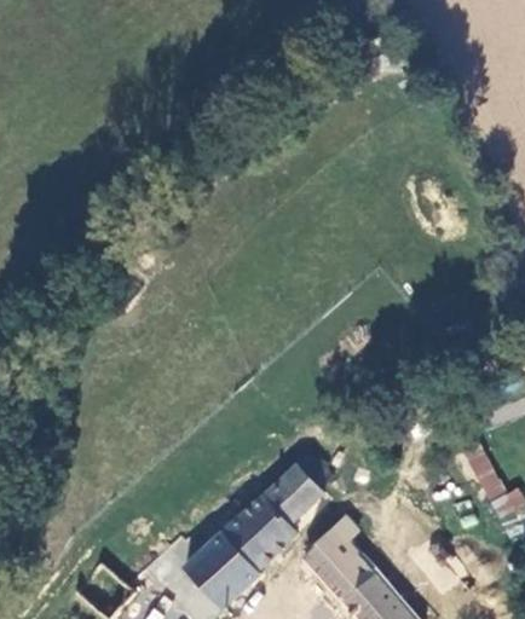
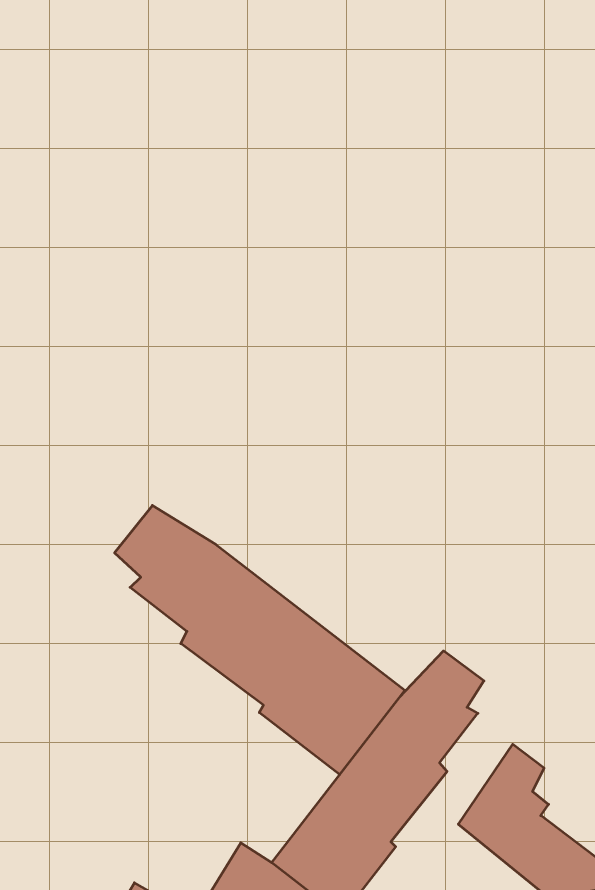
building: none -> [115,505,405,775]

